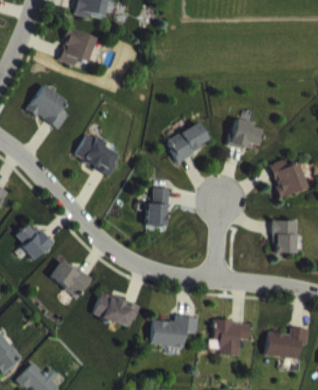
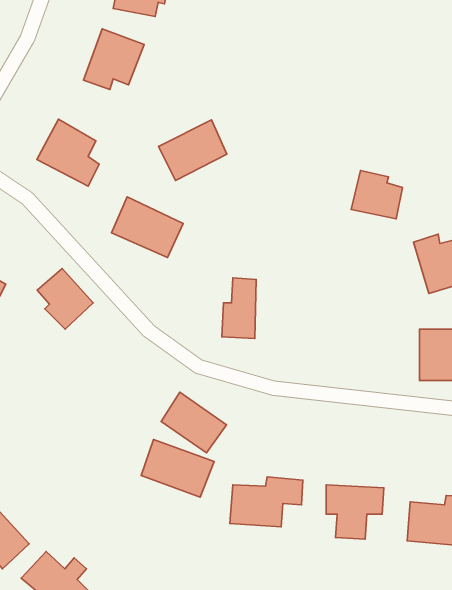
building: [165,122,209,161] -> [159,120,227,181]
building: [15,221,51,260] -> [37,268,93,329]
building: [50,258,92,297] -> [161,392,227,453]

